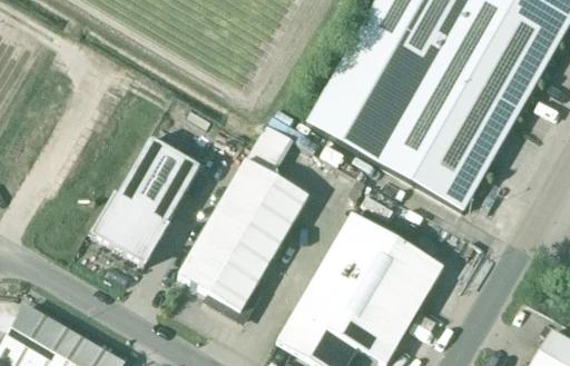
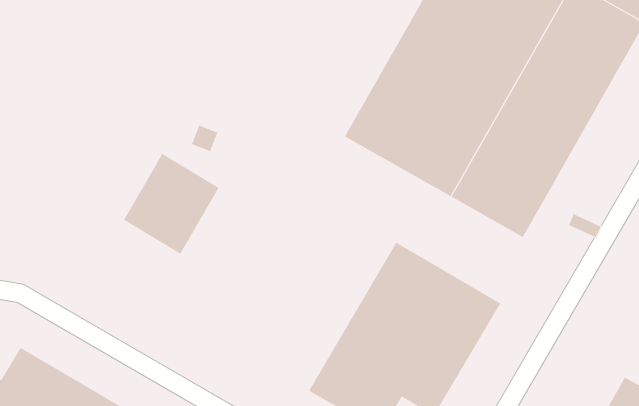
building: [179,122,309,319] -> none
building: [92,194,168,265] -> none

